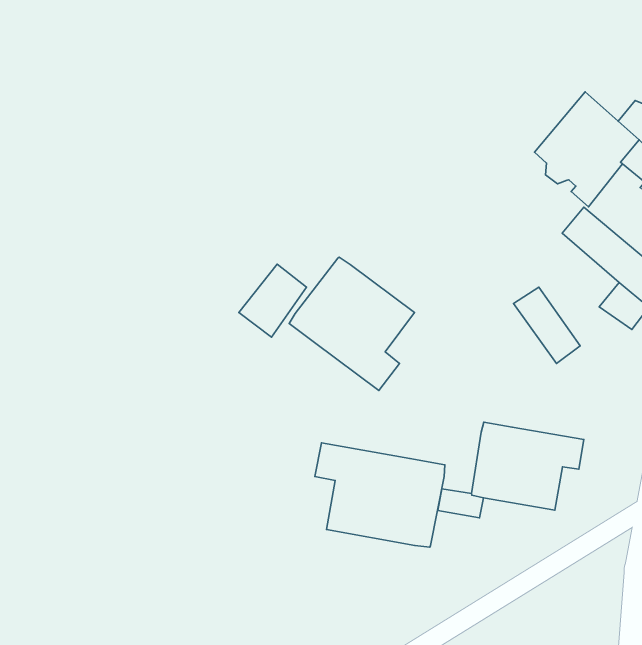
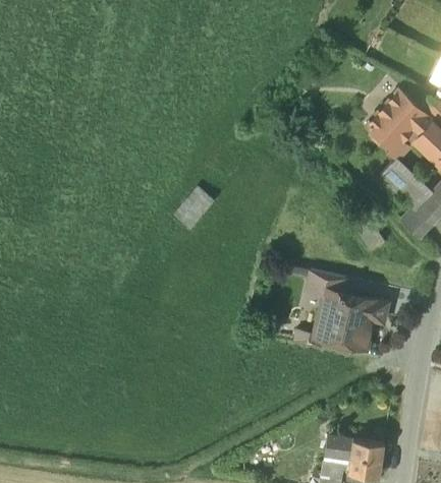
building: [289,257,415,391] -> none
building: none -> [307,273,346,297]
building: [315,443,445,547] -> none

